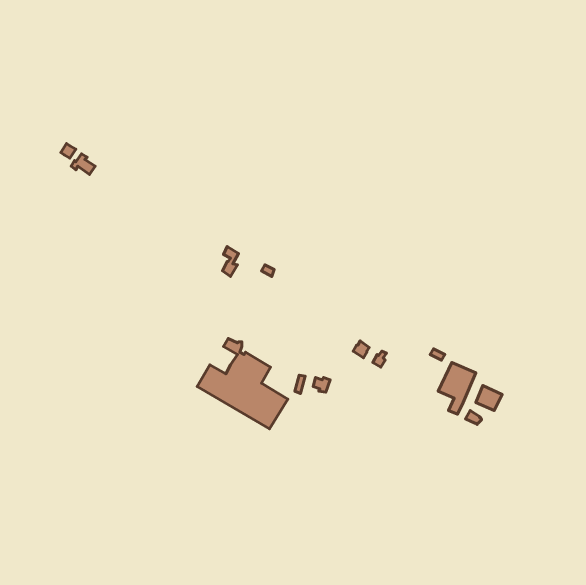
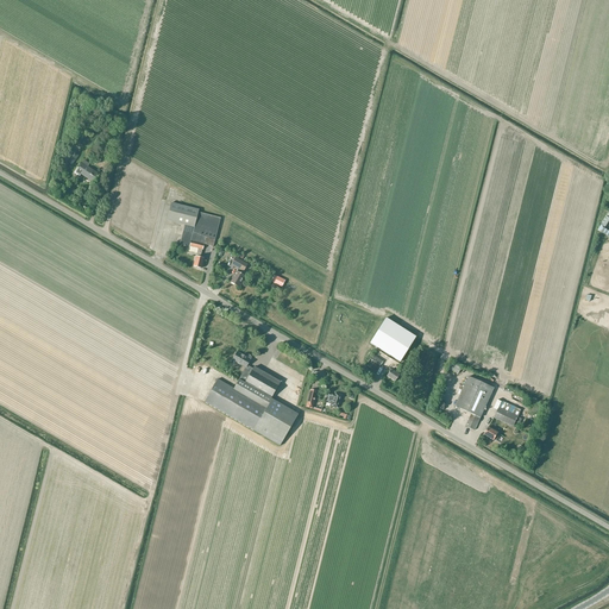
building: none -> [167,202,221,268]
building: none -> [363,316,413,360]

